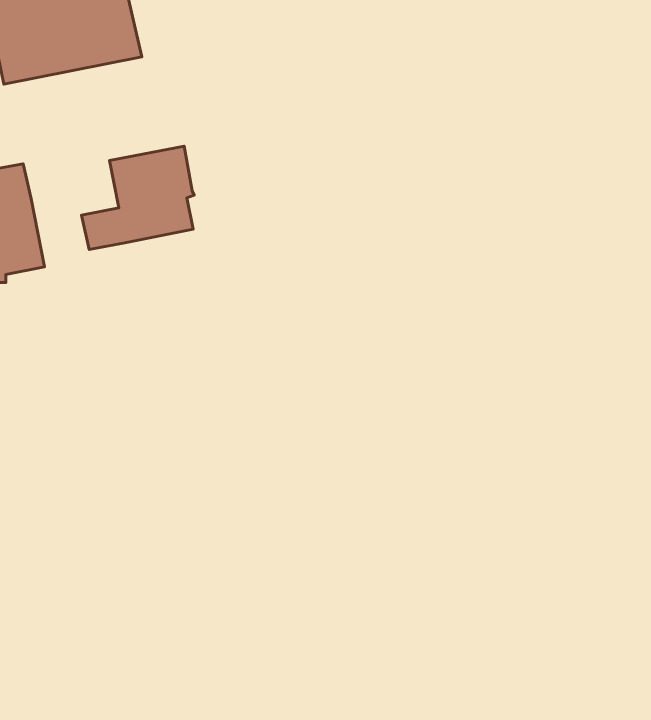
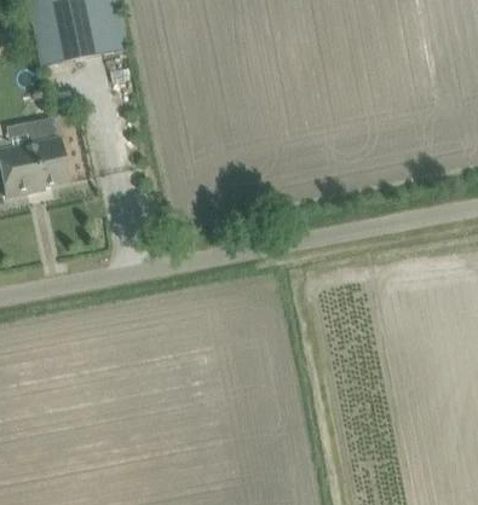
building: [82,146,194,249] -> none

